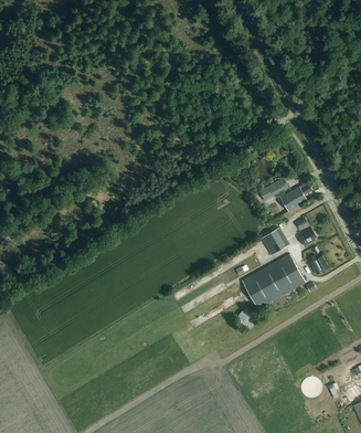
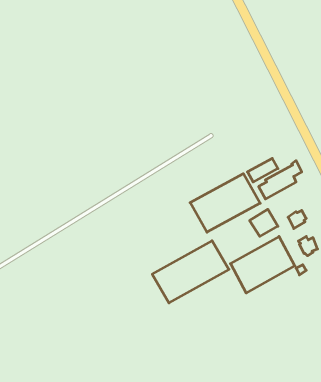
building: none -> [190,174,260,232]
building: none -> [152,241,229,303]

